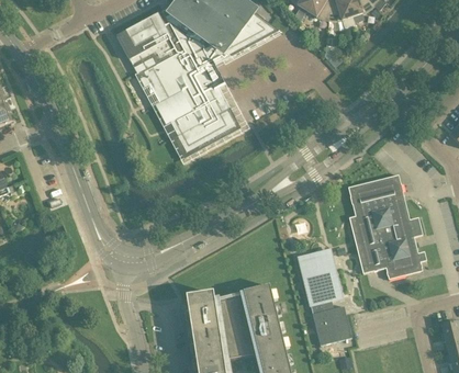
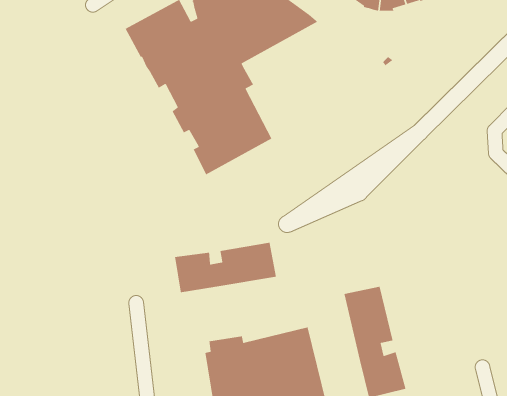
building: [347,173,426,279] -> none
building: none -> [174,242,277,293]

